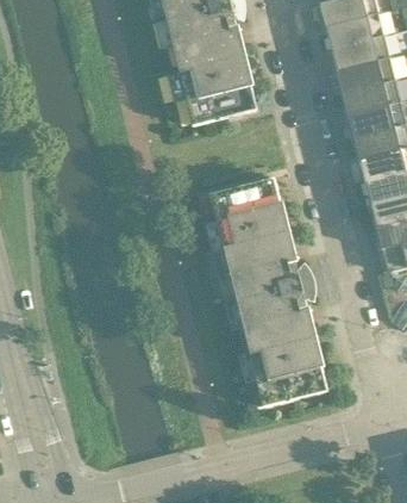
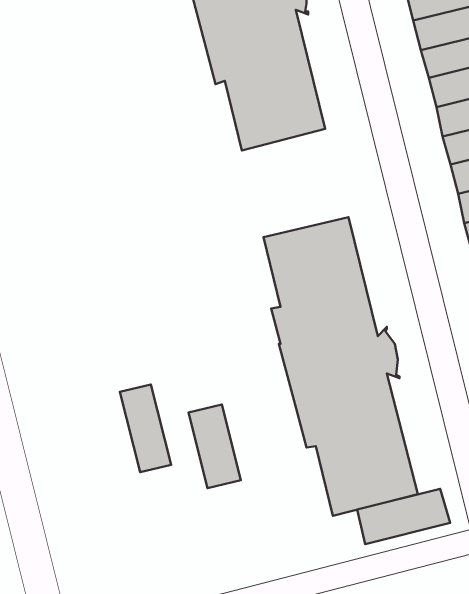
building: none -> [120,385,171,472]
building: none -> [188,405,241,488]
building: none -> [357,489,450,544]

